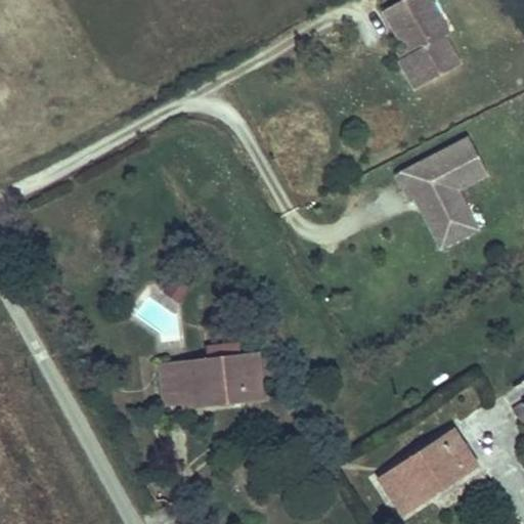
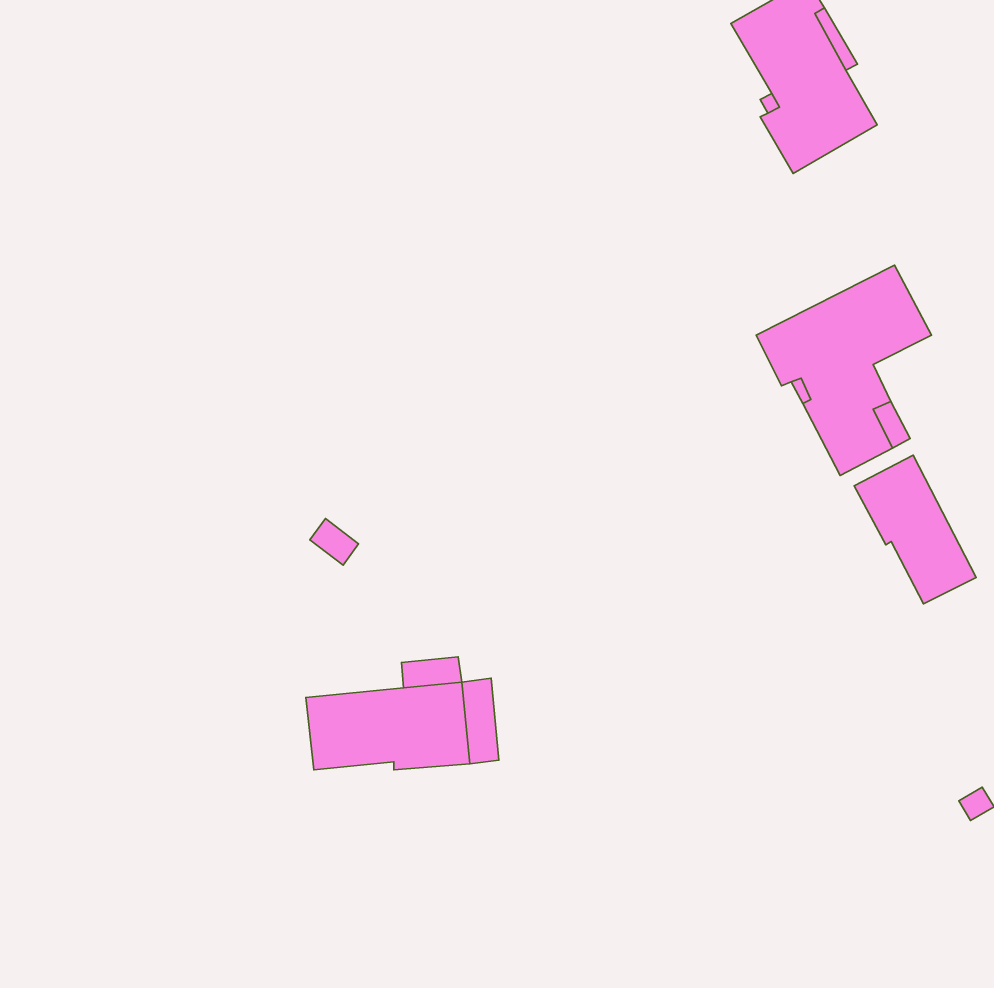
building: none -> [854,455,976,604]
building: [376,425,472,510] -> none

